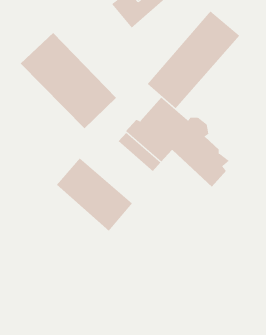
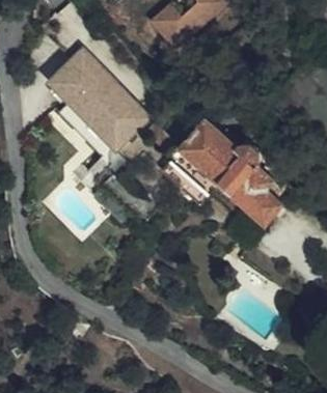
building: [147,10,240,109] -> none
building: [56,157,133,232] -> none

